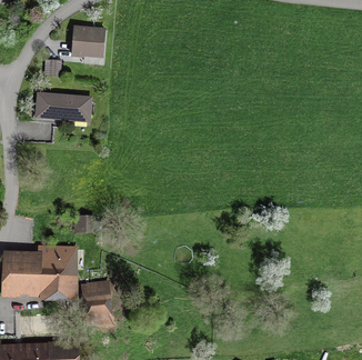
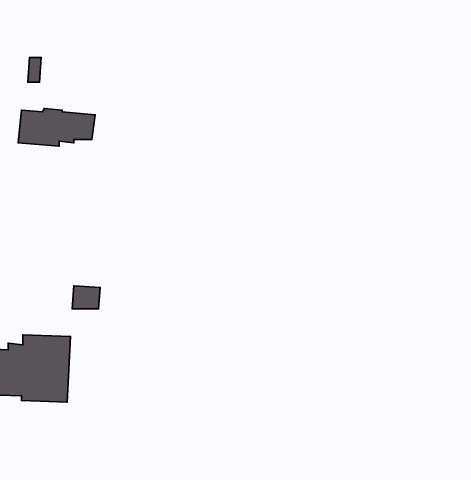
building: [71,28,104,57] -> none
building: [84,282,118,313] -> none

